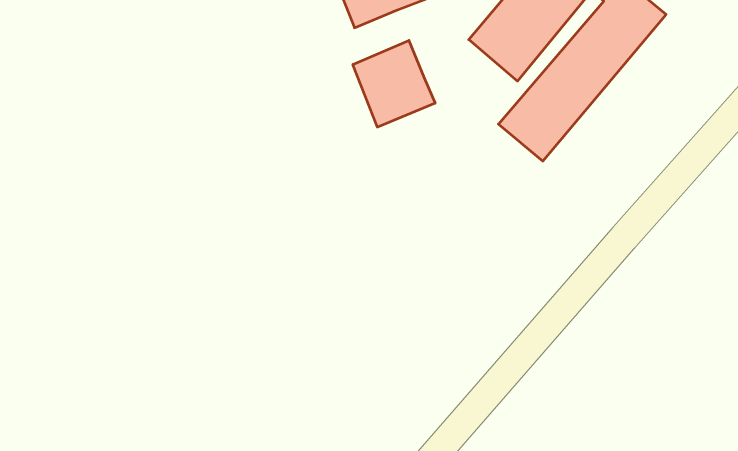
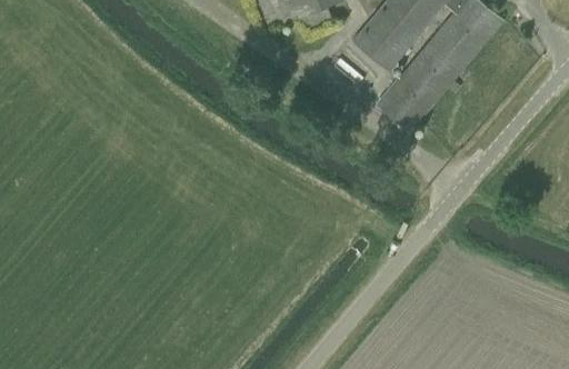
building: [353,40,435,127] -> none

